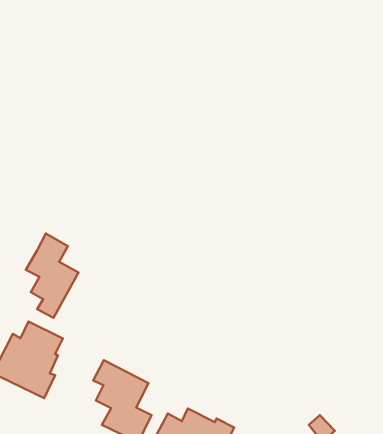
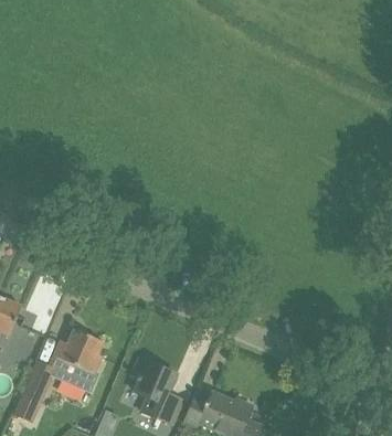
building: [26,234,79,318] -> none

